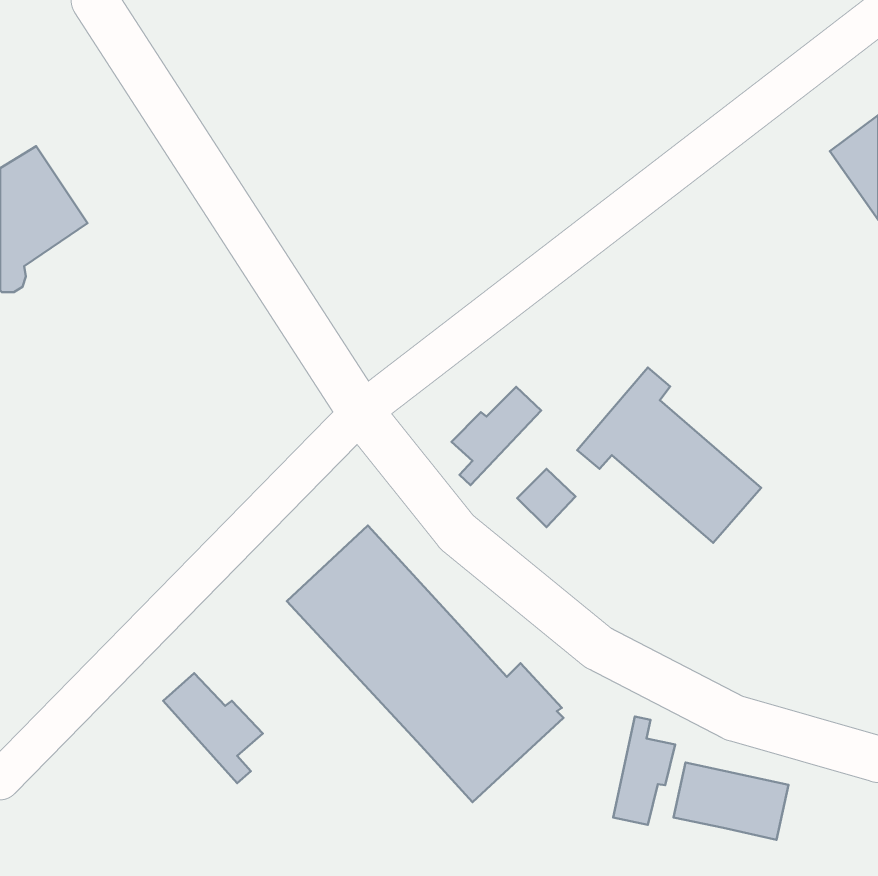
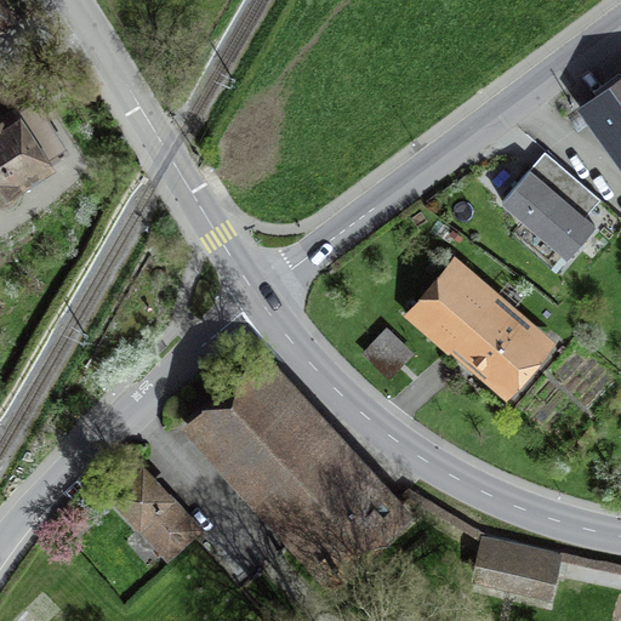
building: none -> [502,158,596,258]
building: [452,387,541,485] -> none
building: [613,717,675,825] -> none

